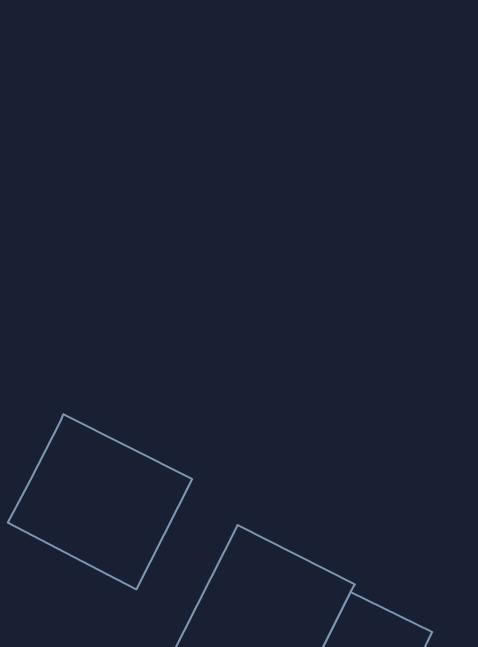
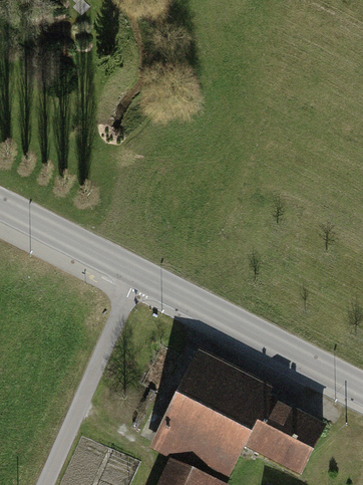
building: [8,414,192,589] -> none

